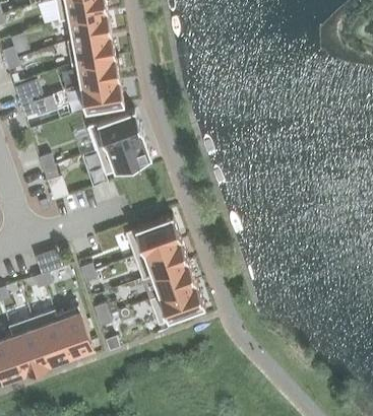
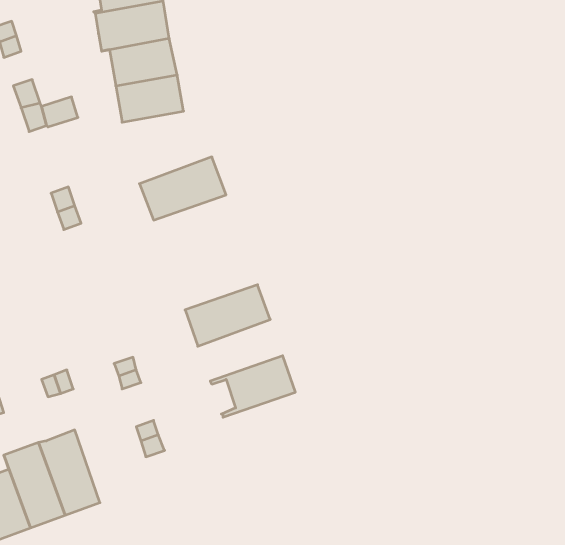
building: [86,110,141,151] -> none
building: [132,238,187,278] -> none
building: [148,285,204,325] -> none
building: [53,306,91,356] -> none

